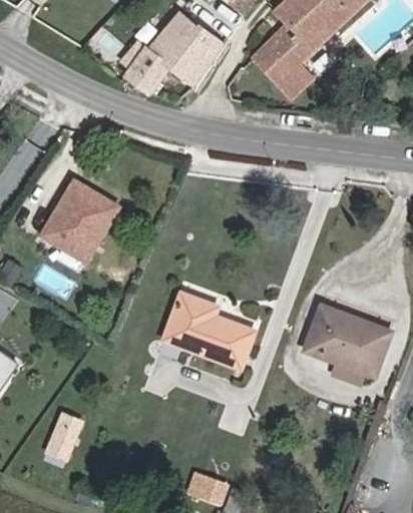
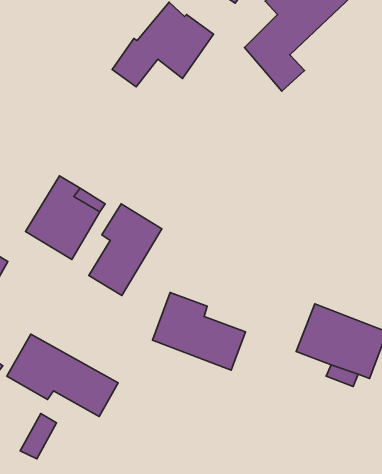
building: none -> [89,204,162,295]
building: none -> [7,334,118,417]

